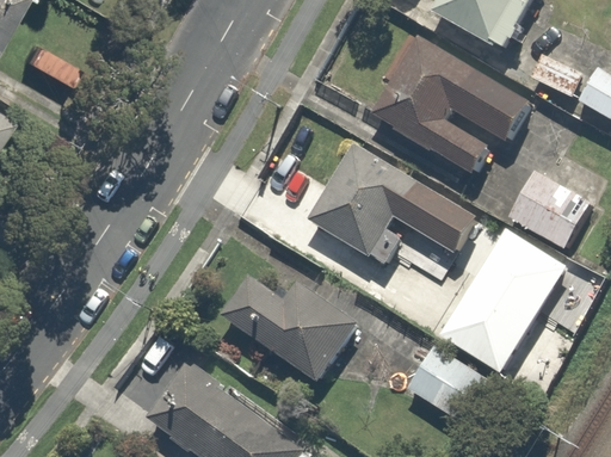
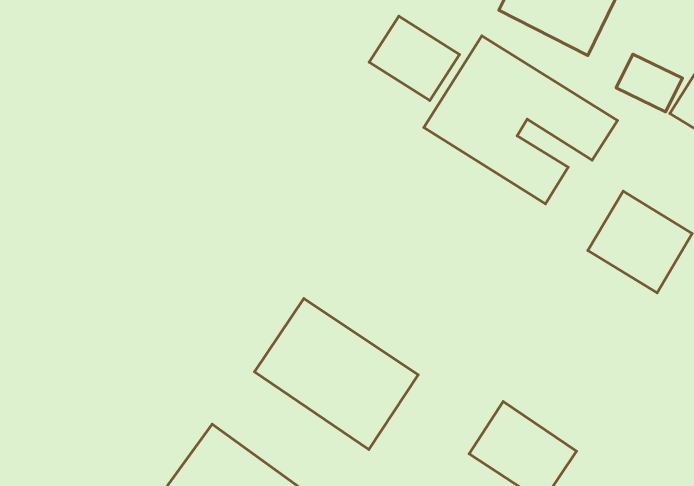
building: none -> [369,16,460,100]
building: [304,142,479,261] -> none
building: [438,227,566,370] -> none

